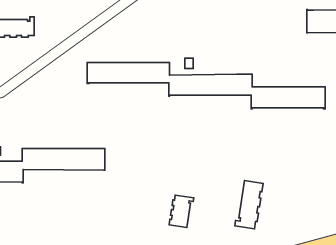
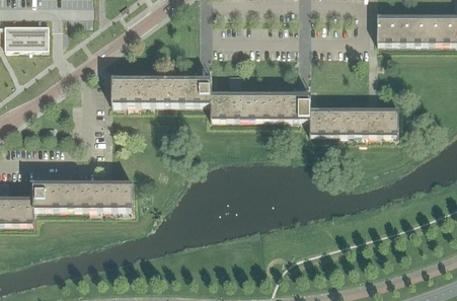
building: [235,181,263,229] -> none
building: [169,195,194,228] -> none

